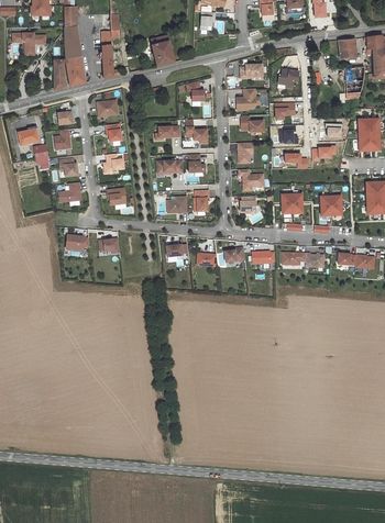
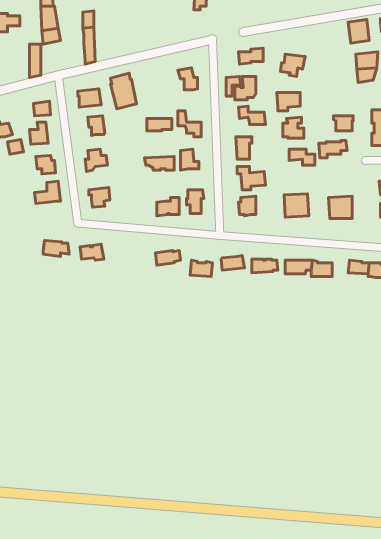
building: [151,35,174,67] -> [111,73,136,109]
building: [66,57,86,87] -> none

